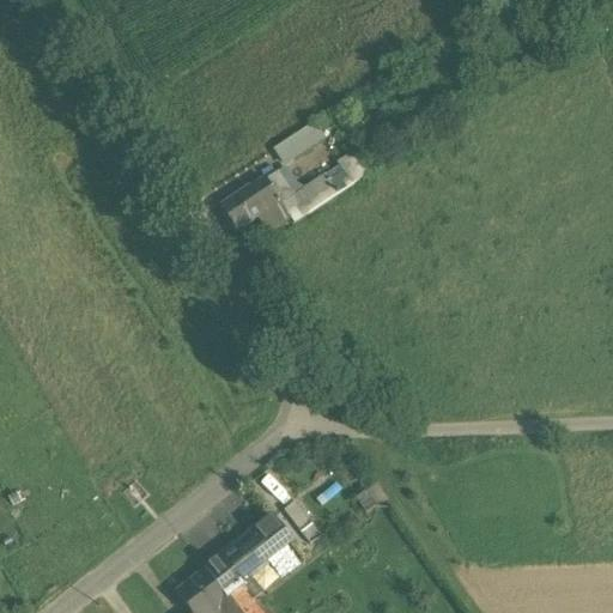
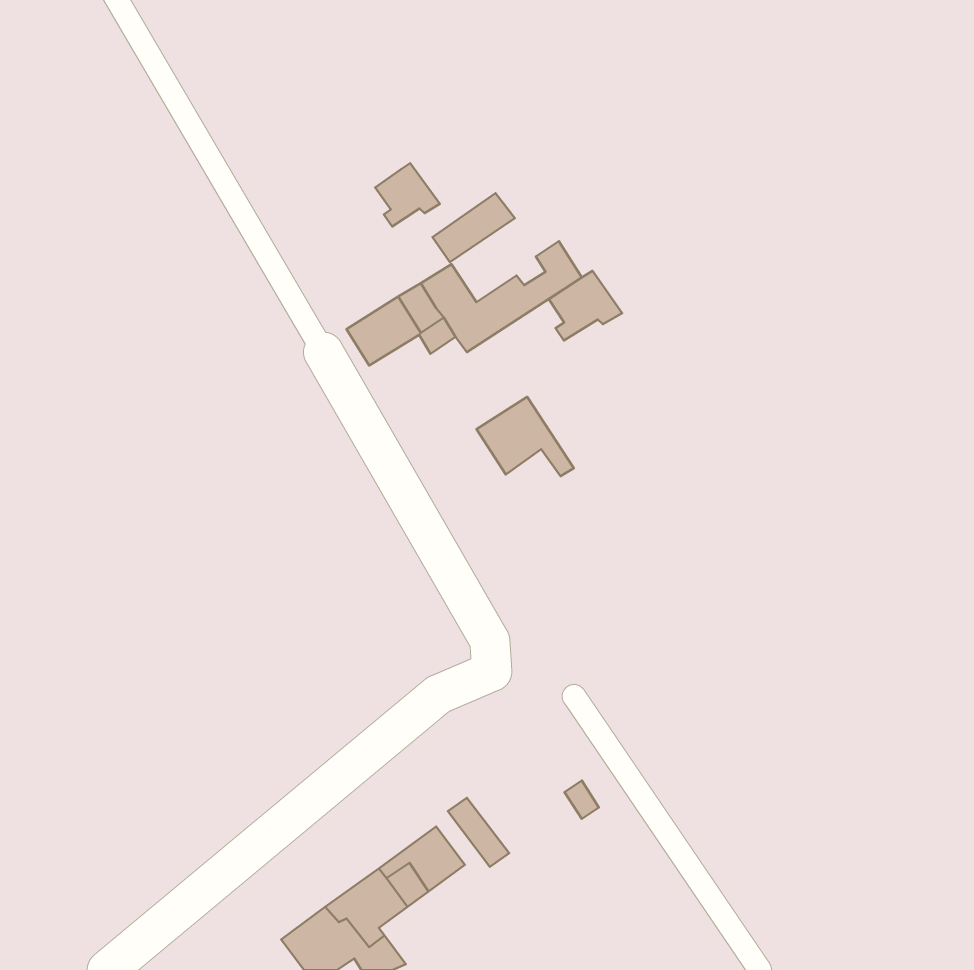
building: none -> [375,163,440,226]
building: none -> [549,271,622,341]
building: none -> [476,397,574,476]

